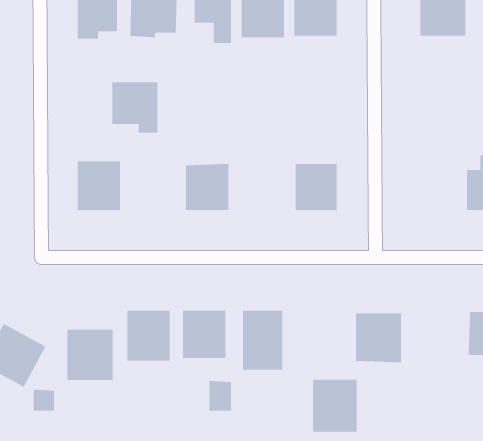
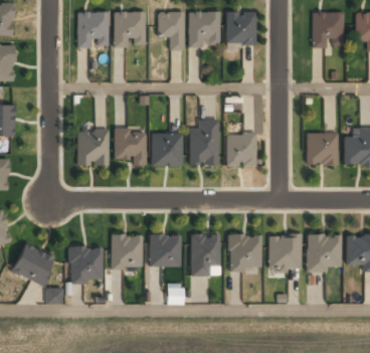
building: [111,82,158,133] -> [114,130,146,165]
building: none -> [190,119,218,165]
building: none -> [306,133,338,165]
building: none -> [307,234,340,270]
building: [312,379,358,432] -> [229,233,260,270]

